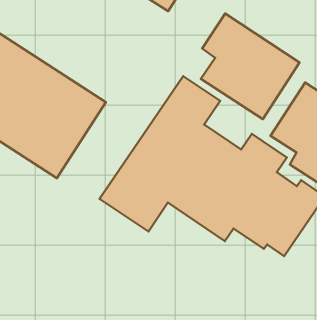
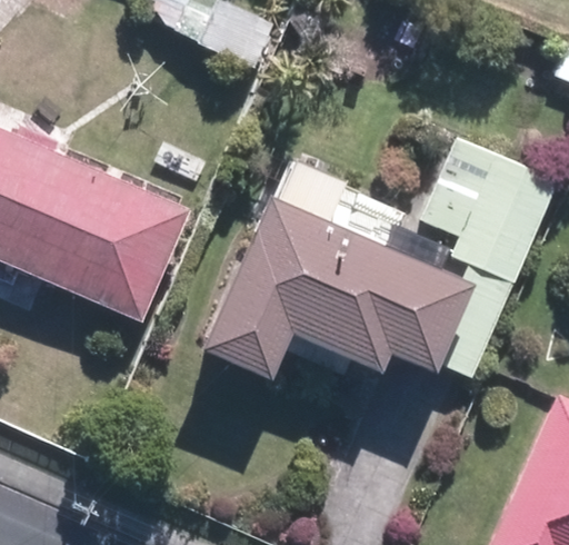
building: [201,14,300,119] -> none

